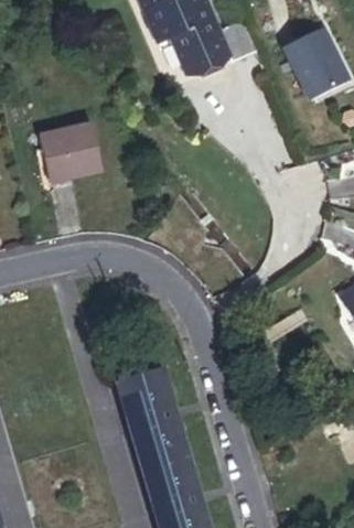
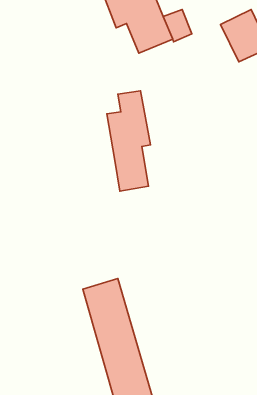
building: none -> [107,91,151,191]
building: [42,128,101,183] -> none

